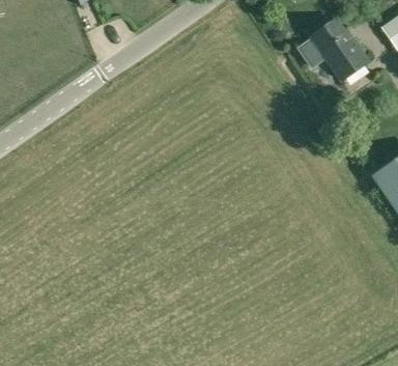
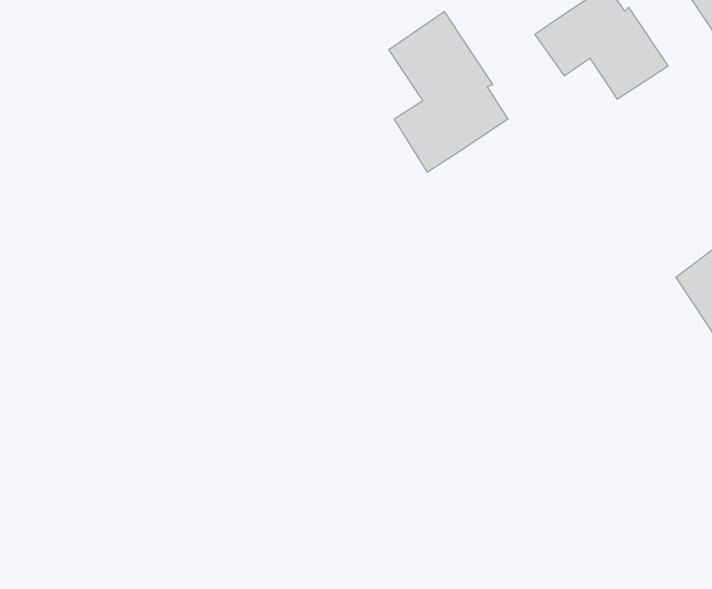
building: none -> [389,12,508,172]

